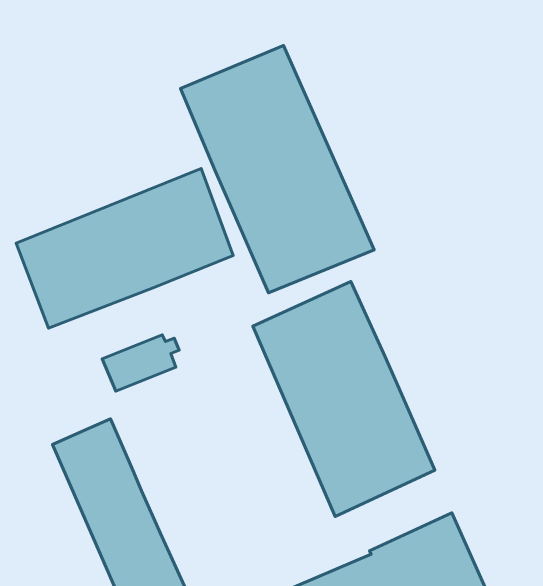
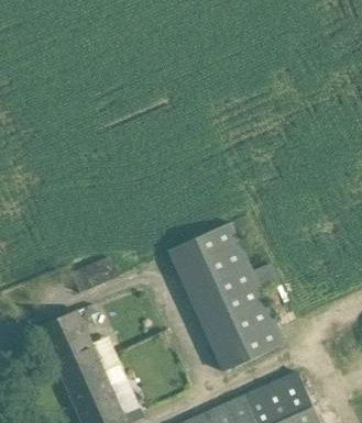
building: [181,46,374,293] -> none
building: [16,168,233,328] -> none

